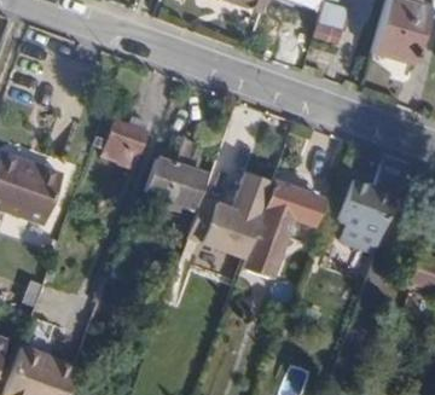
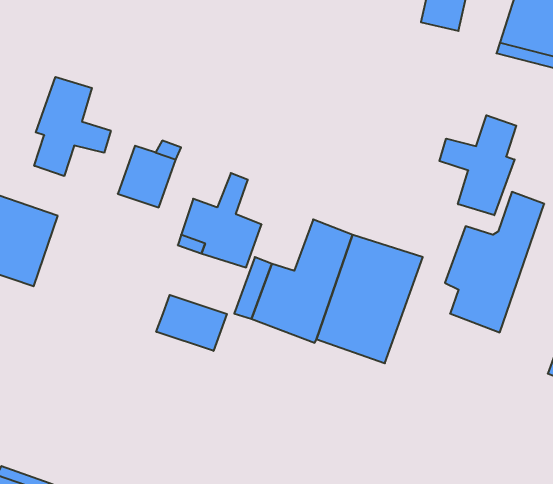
building: none -> [34,77,111,176]
building: none -> [439,115,516,215]
building: none -> [156,295,227,351]

